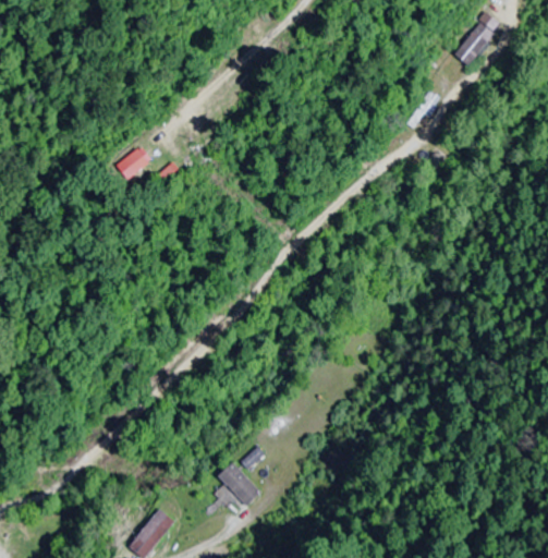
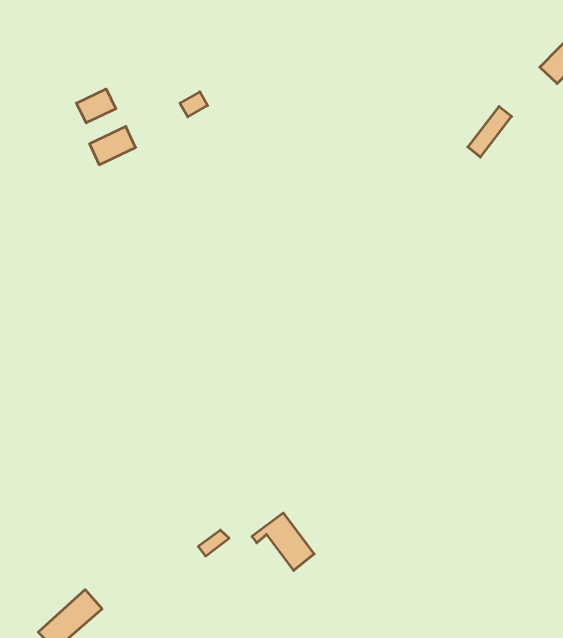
building: none -> [76,89,116,123]
building: [210,463,260,507] -> [252,513,314,571]

